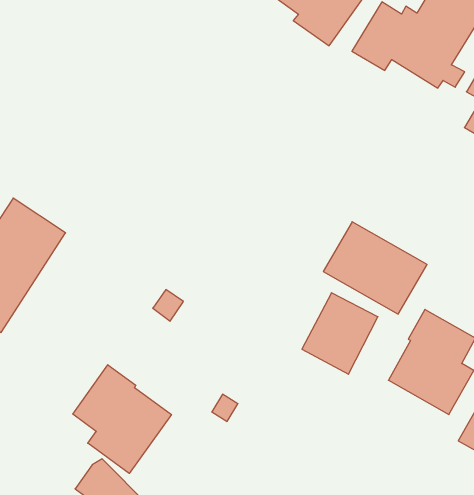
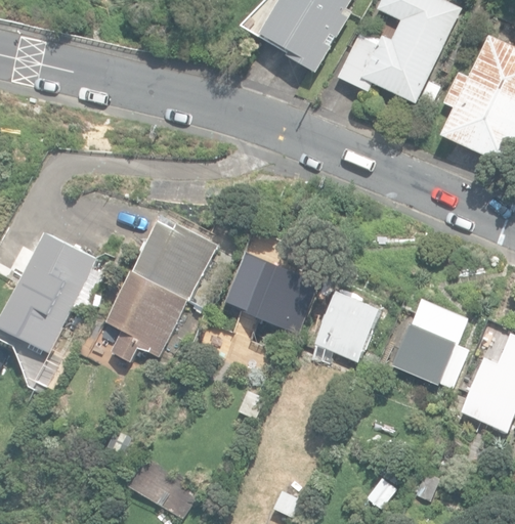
building: none -> [105,222,218,372]
building: [323,222,427,314] -> [226,256,317,334]
building: [73,365,171,473] -> none

